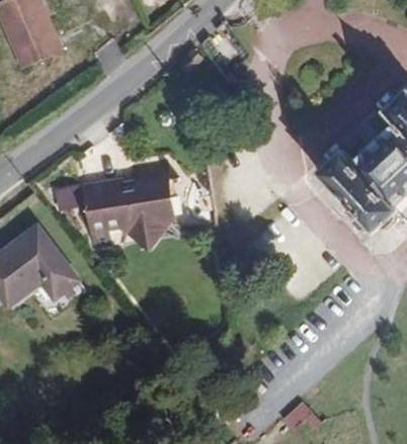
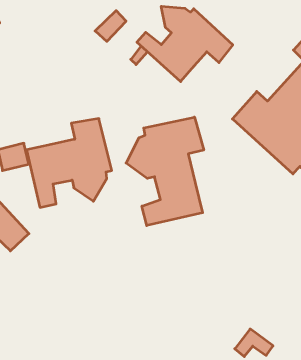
building: none -> [137,6,233,82]
building: none -> [126,117,204,226]

